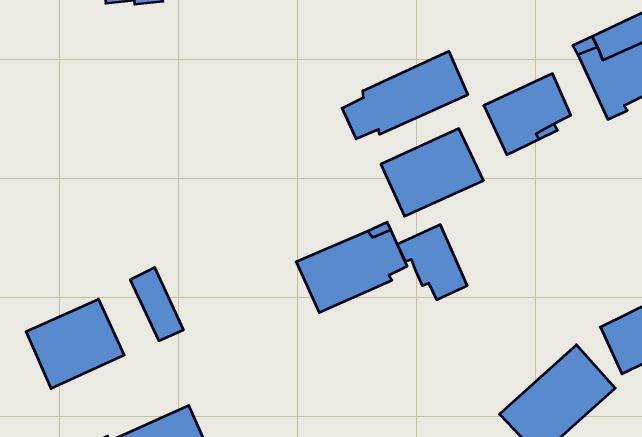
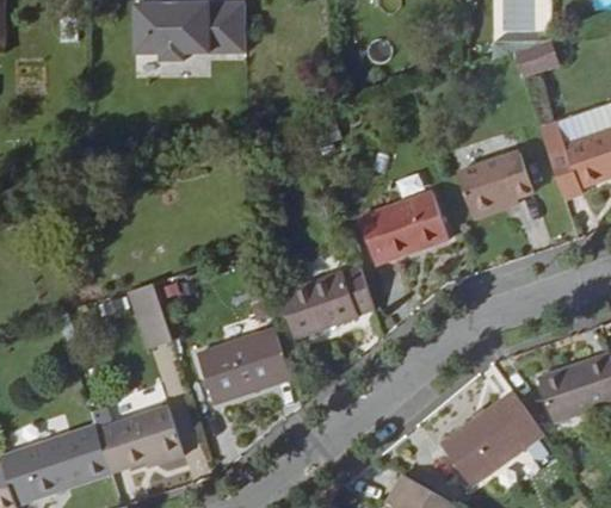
building: [342,51,468,139] -> none
building: [397,225,467,300] -> none
building: [26,299,124,389] -> none
building: none -> [199,329,290,403]

